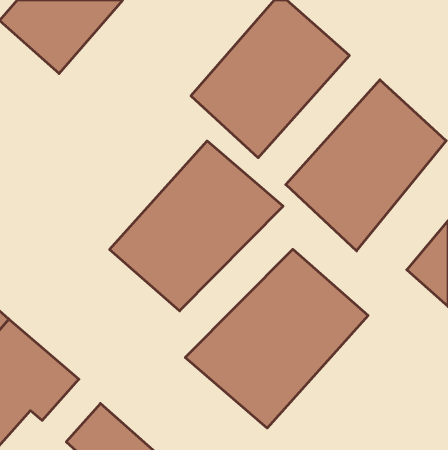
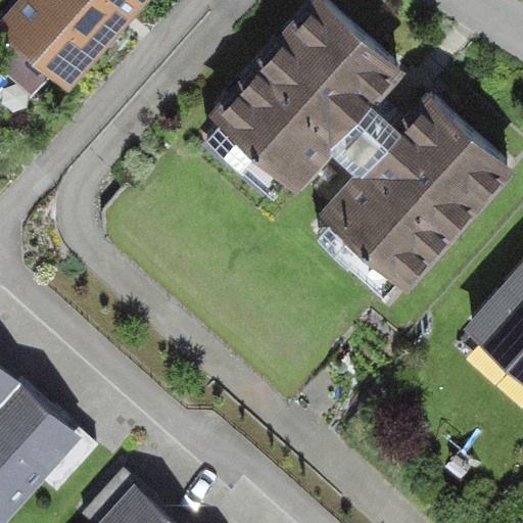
building: [110,141,283,311] -> none
building: [185,249,368,428] -> none

